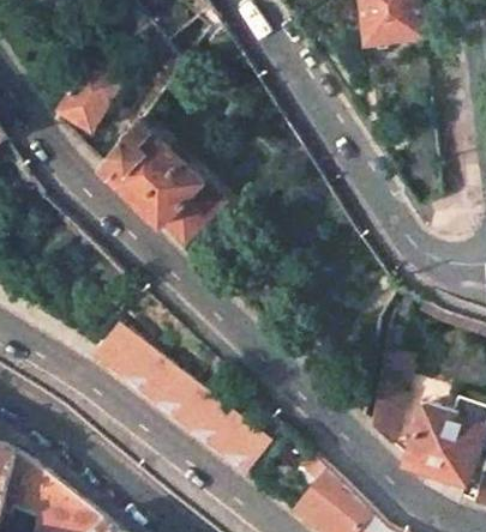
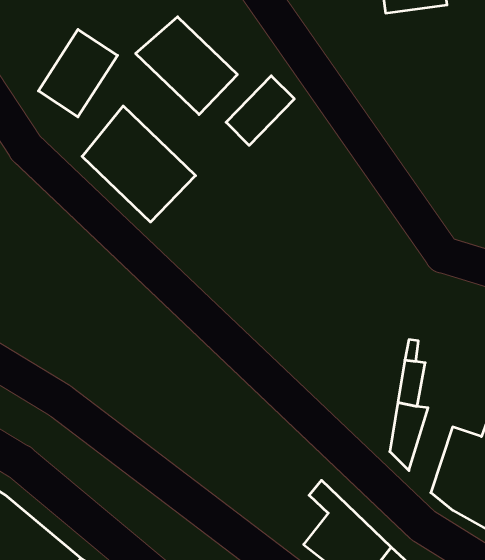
building: none -> [136,17,237,115]
building: [161,186,221,247] -> [226,76,294,145]
building: [95,326,269,472] -> none

